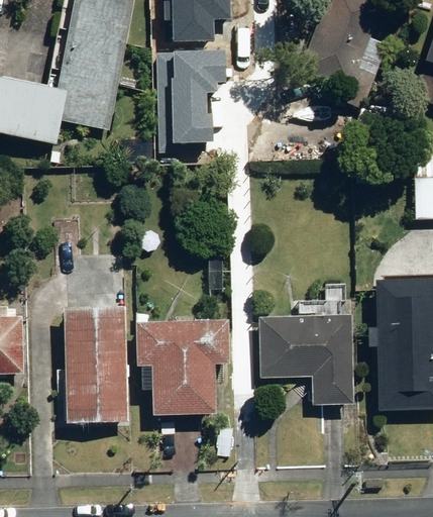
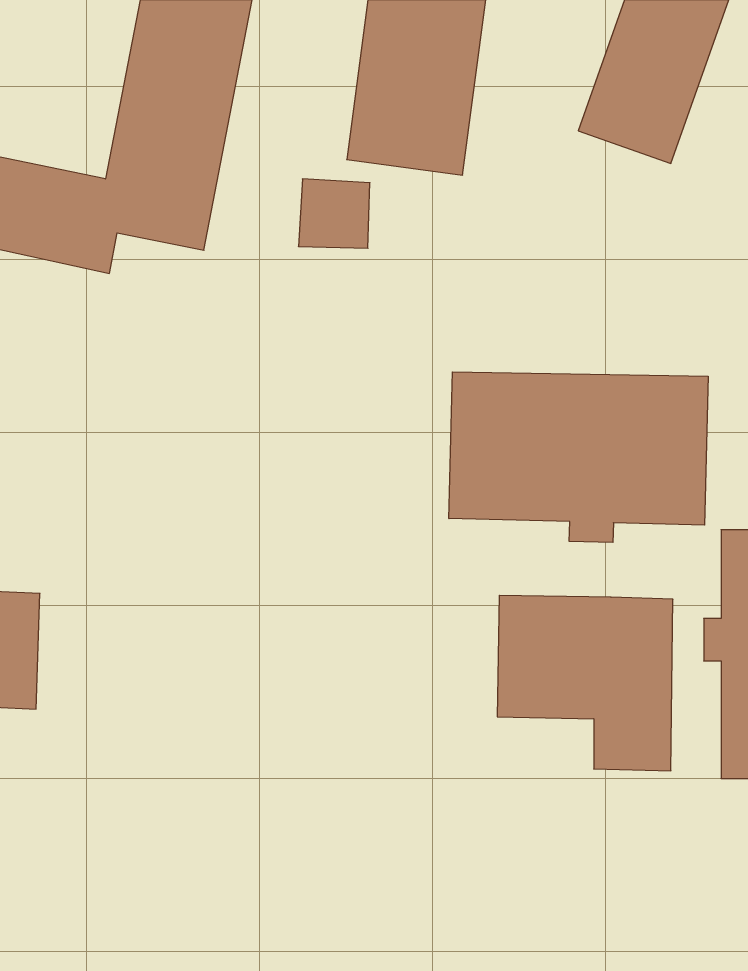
building: none -> [449,372,708,542]
building: [66,308,127,419] -> none
building: [135,316,231,415] -> none

